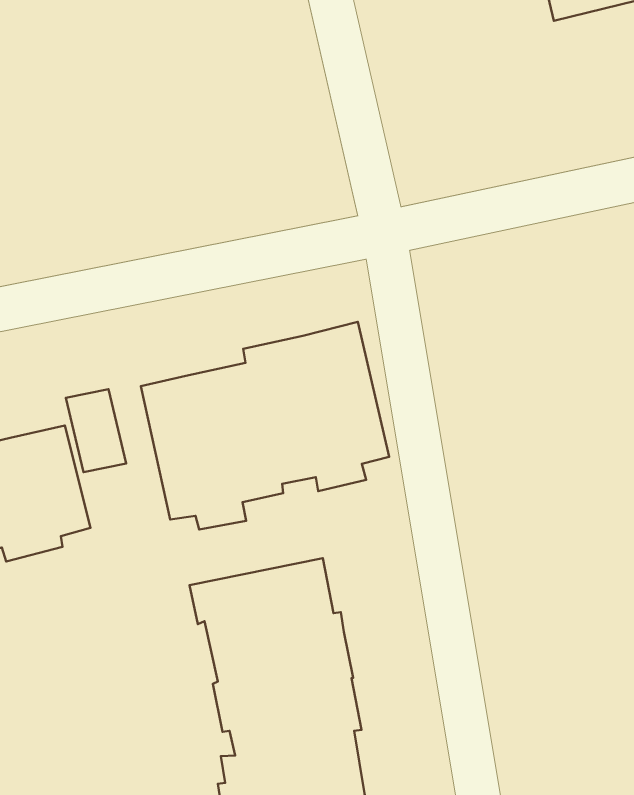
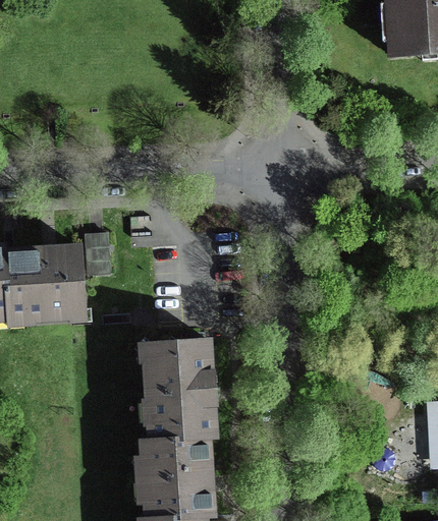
building: [141,322,389,529] -> none

